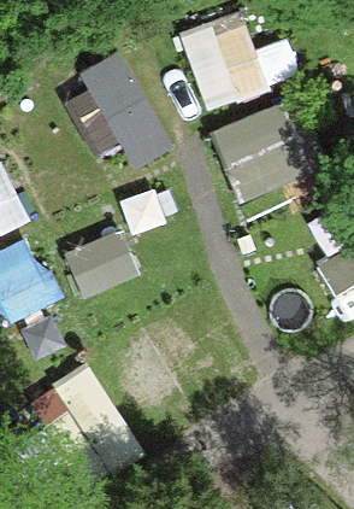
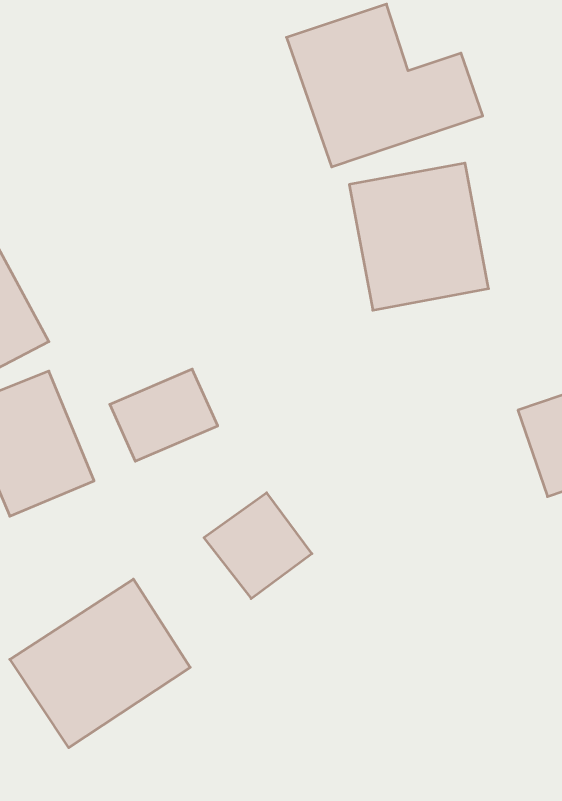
building: [63,60,164,168] -> none

